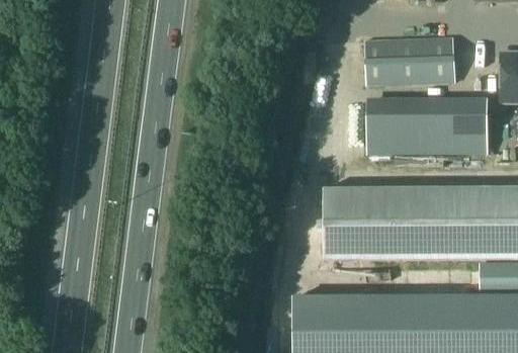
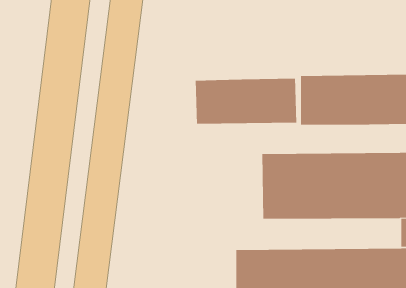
building: [363,36,455,86] -> none
building: none -> [195,78,297,125]

